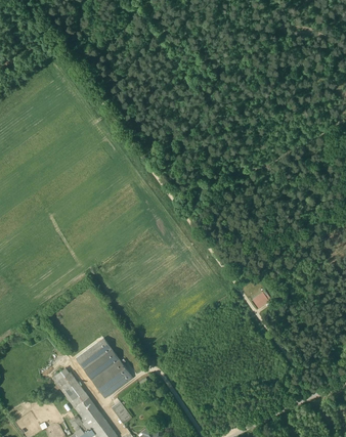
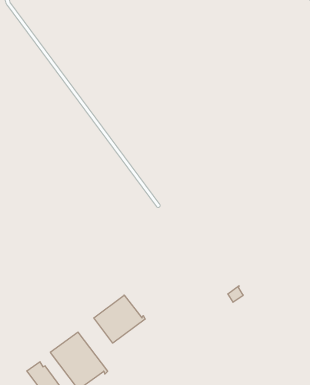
building: none -> [94,295,145,343]

